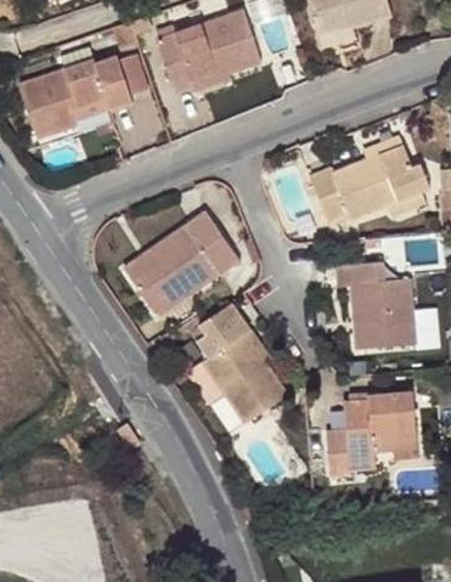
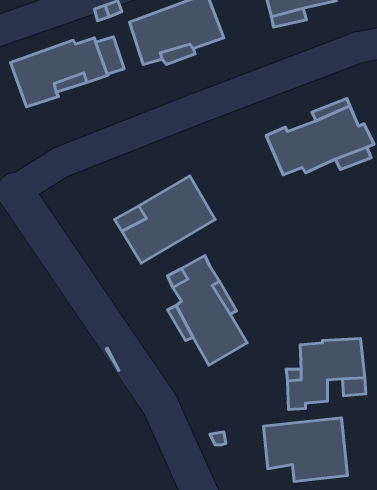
building: [340,261,417,350] -> none
building: none -> [264,418,348,481]

